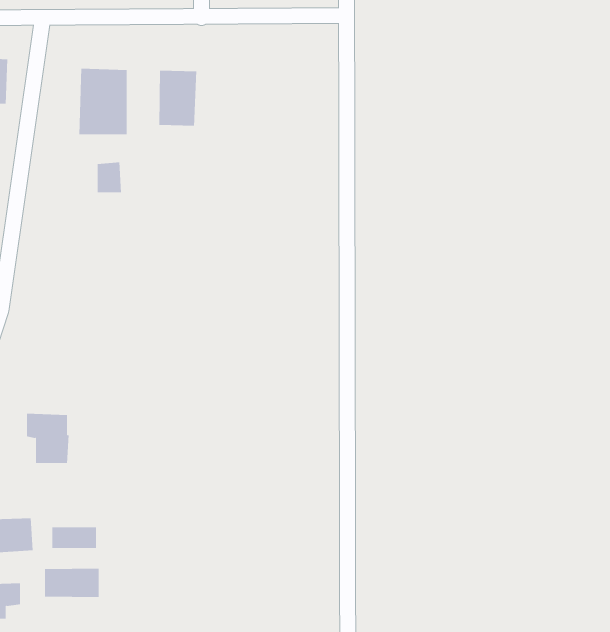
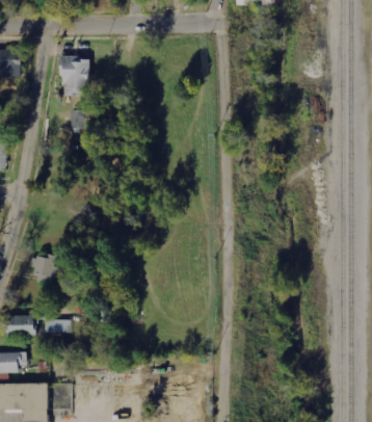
building: [159,70,197,127] -> none
building: [45,568,99,598] -> none

